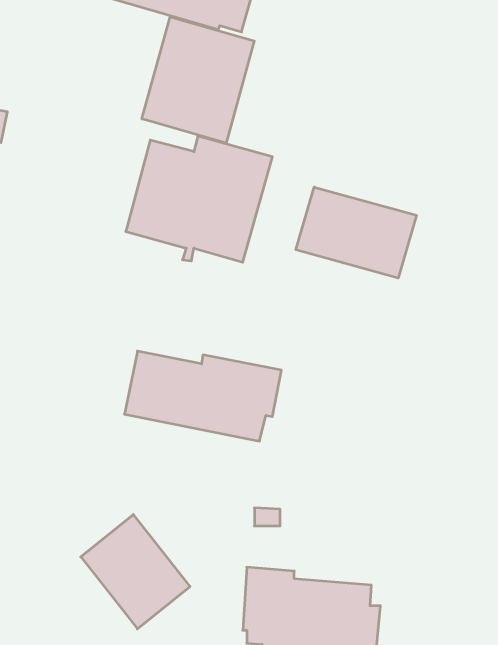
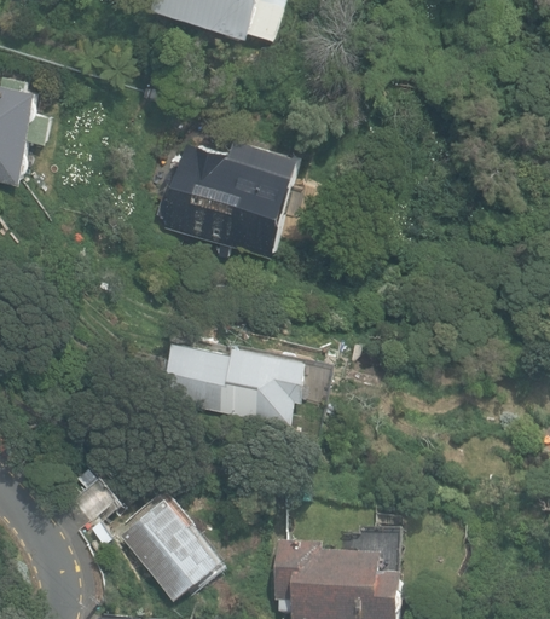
building: [142,17,254,143] -> none
building: [296,187,416,278] -> none

